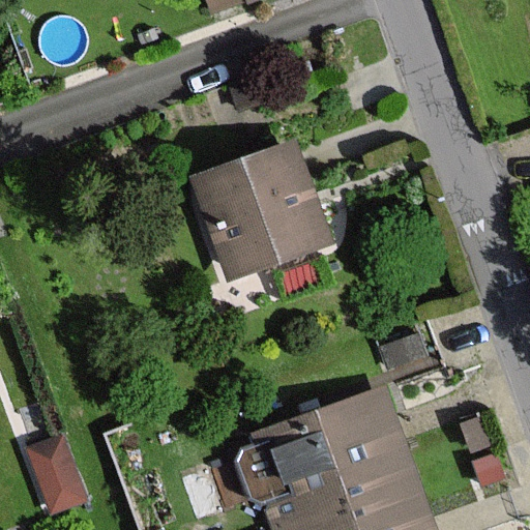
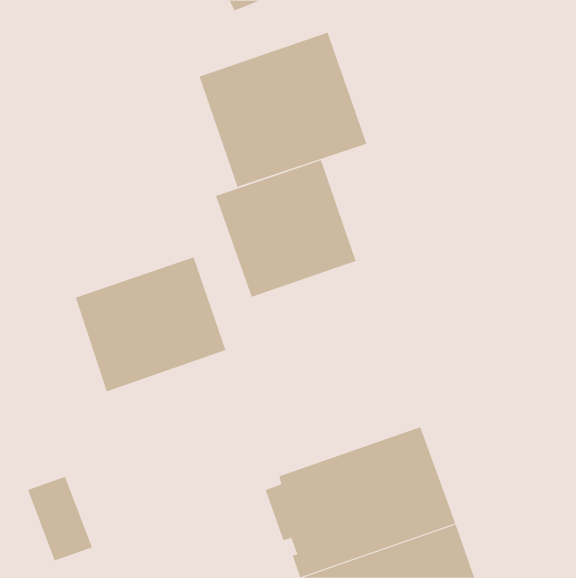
building: none -> [199,32,367,188]
building: none -> [75,256,226,392]

